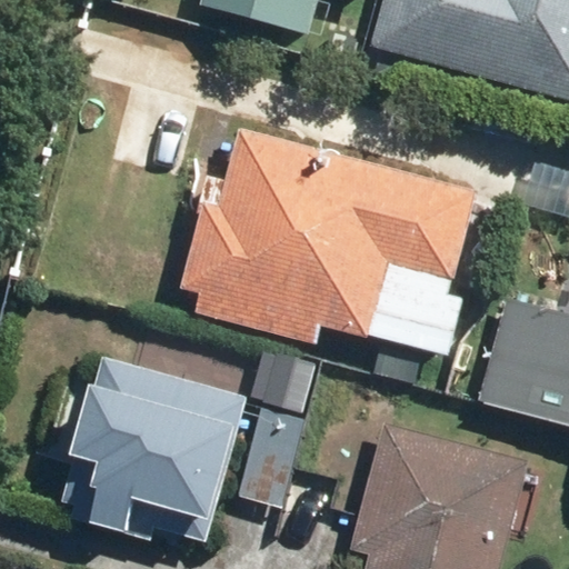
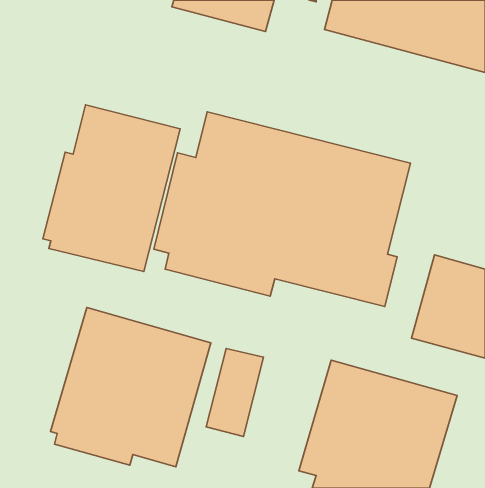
building: none -> [43,105,180,272]

